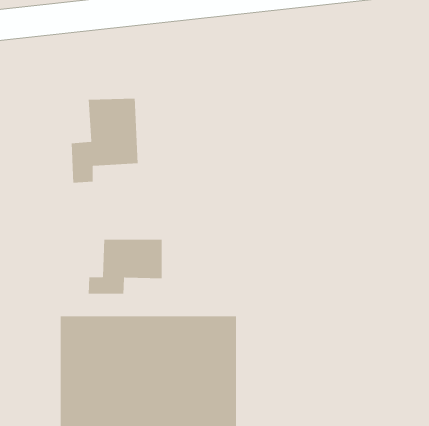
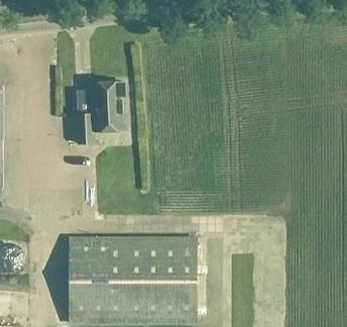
building: [88,239,163,295] -> none

